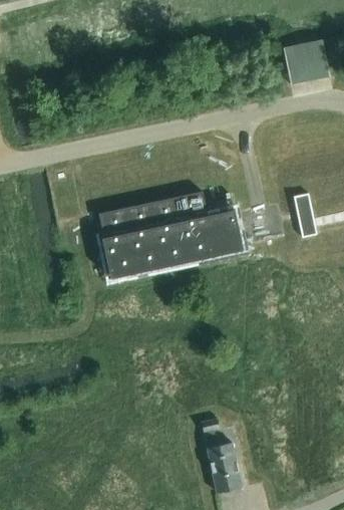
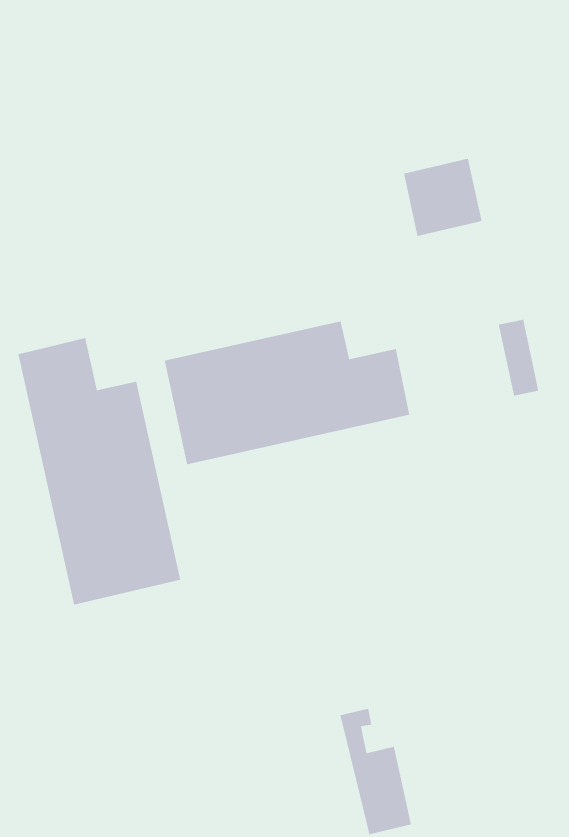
building: [284,39,330,85] -> [403,158,482,237]
building: none -> [17,337,181,605]

